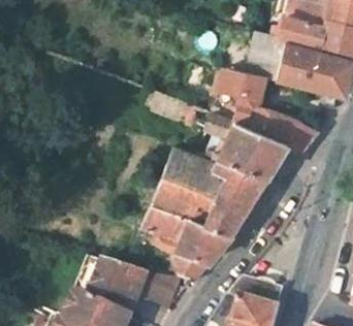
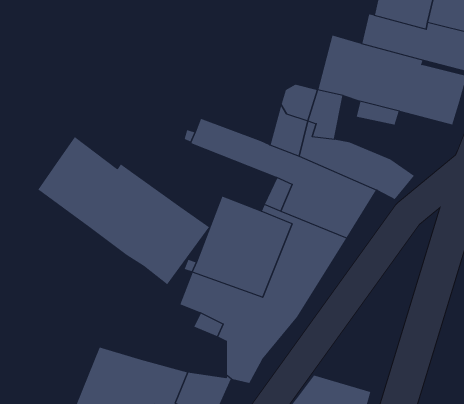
building: none -> [37,136,210,285]

